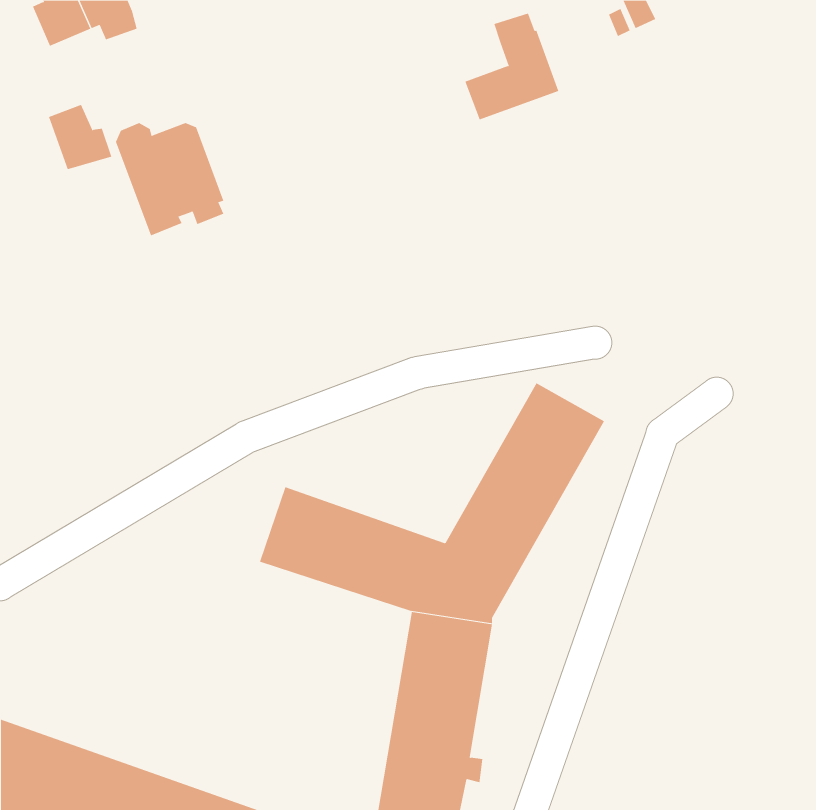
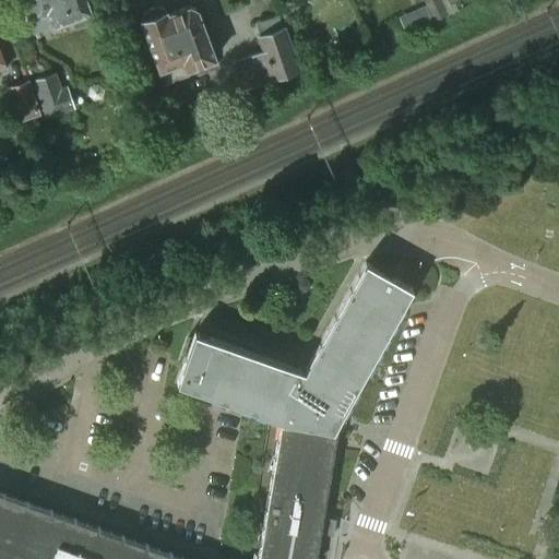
building: [465,13,559,120] -> [237,20,301,93]
building: none -> [9,84,40,124]
building: [115,122,224,236] -> [143,10,217,87]

